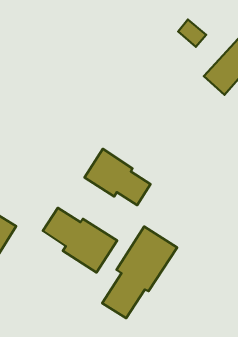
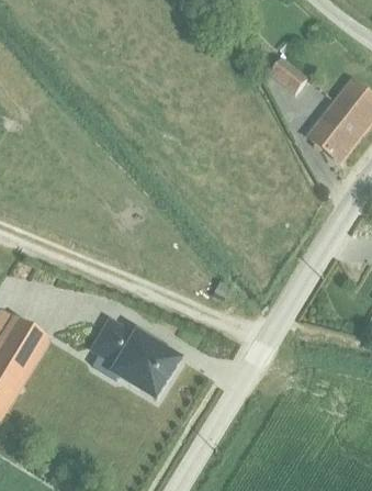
building: [84,149,150,205] -> none
building: [102,227,177,318] -> none

